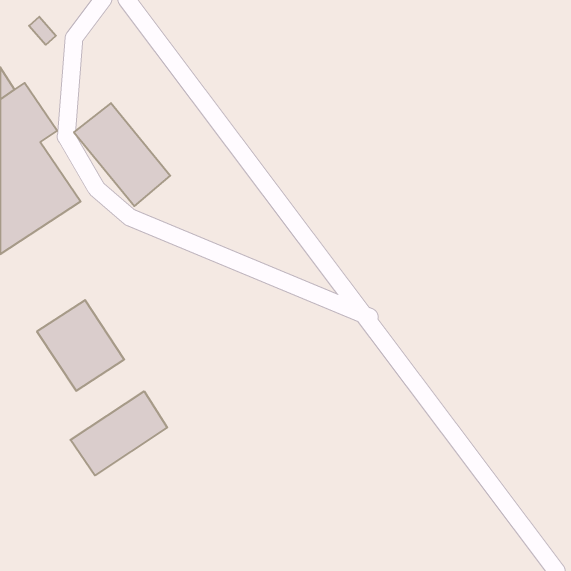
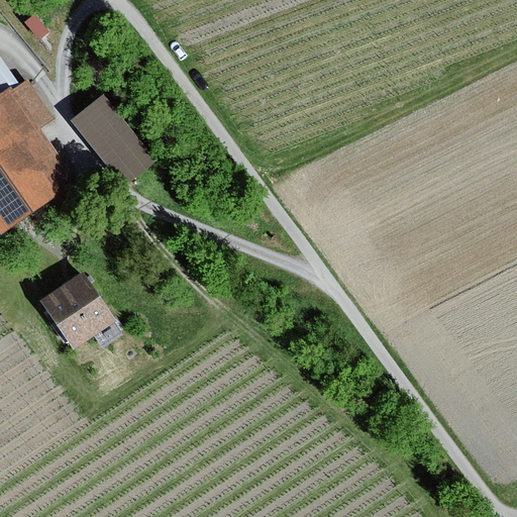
building: [70,391,167,475] -> none

